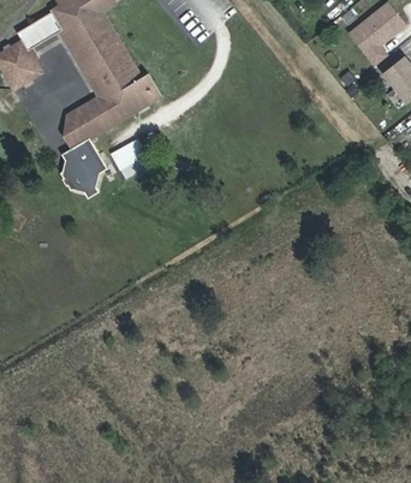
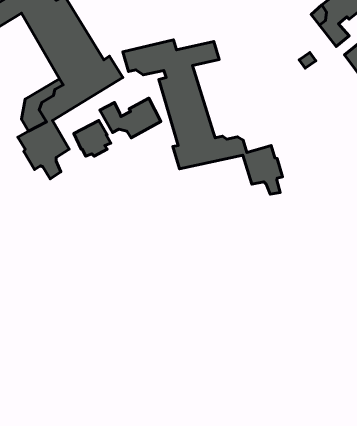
building: none -> [123,40,283,194]
building: none -> [100,98,161,138]

